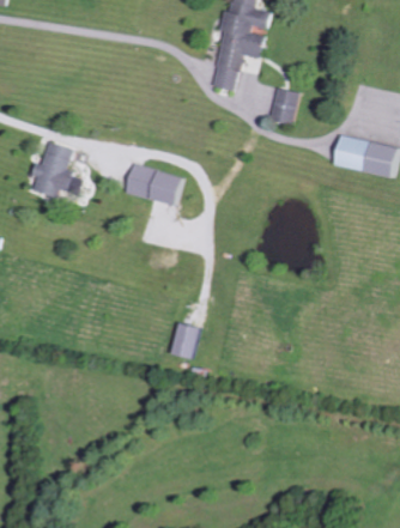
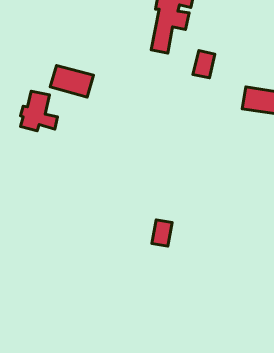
building: [126,164,184,207] -> [50,66,94,97]
building: [174,323,201,359] -> [152,220,172,246]

